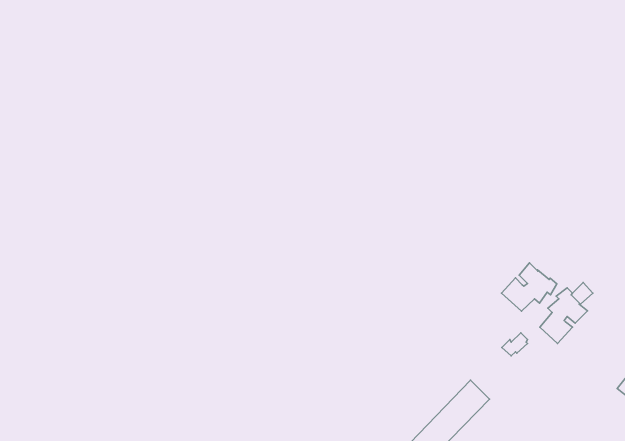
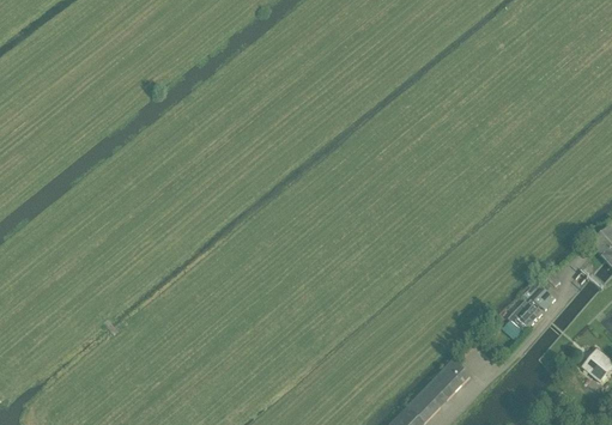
building: [502,263,557,311] -> none

